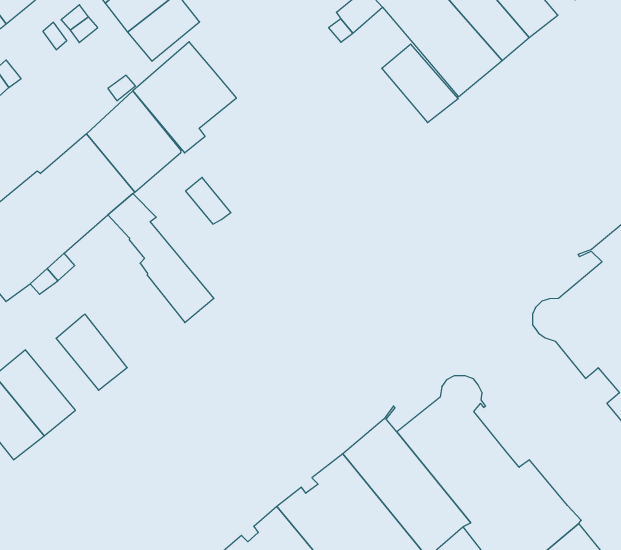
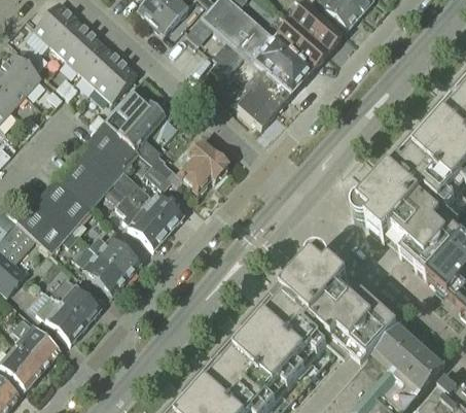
building: none -> [231,85,276,128]
building: none -> [140,140,228,192]
building: none -> [127,182,183,232]
building: none -> [89,236,140,279]

